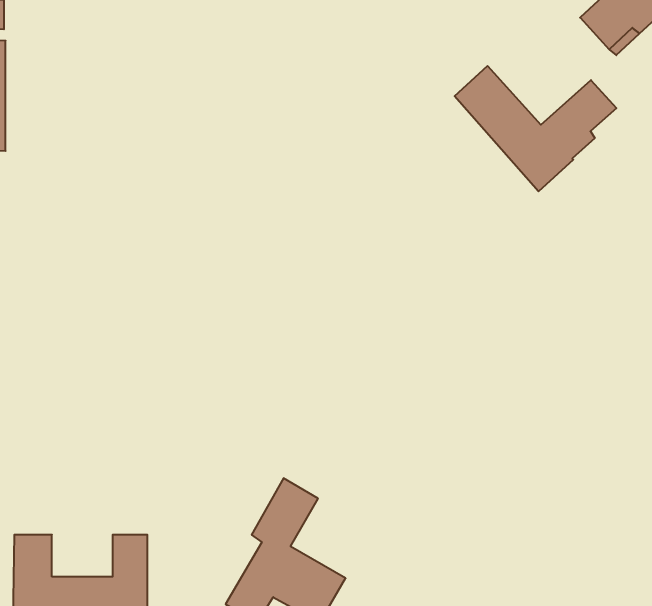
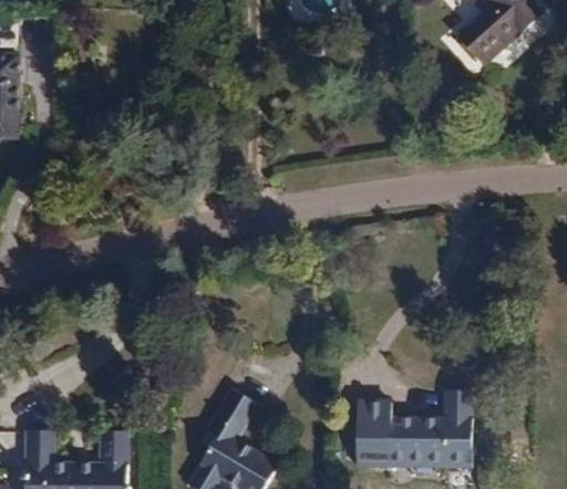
building: [455,66,616,191] -> none
building: none -> [357,394,471,469]

